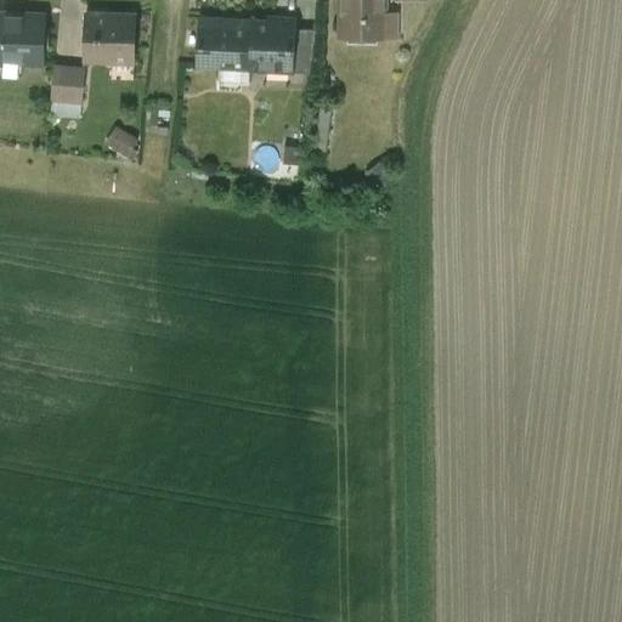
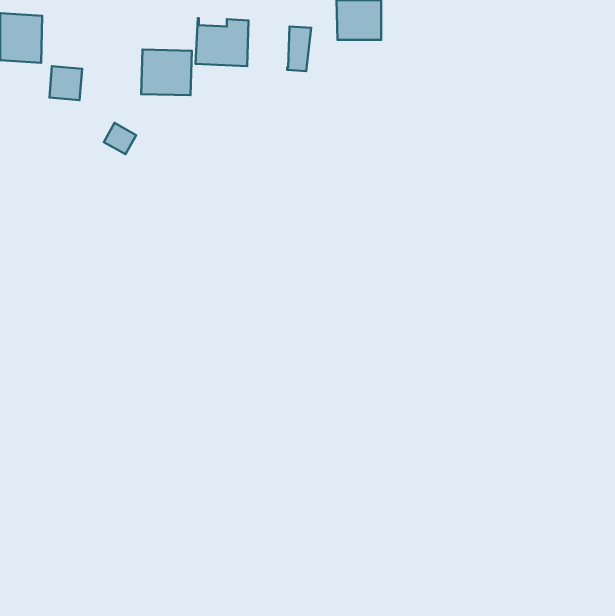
building: [84,15,135,61] -> [141,49,192,95]
building: [250,17,294,68] -> none

